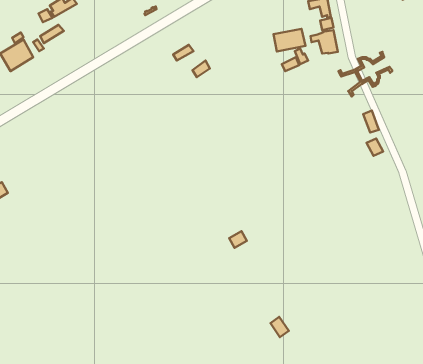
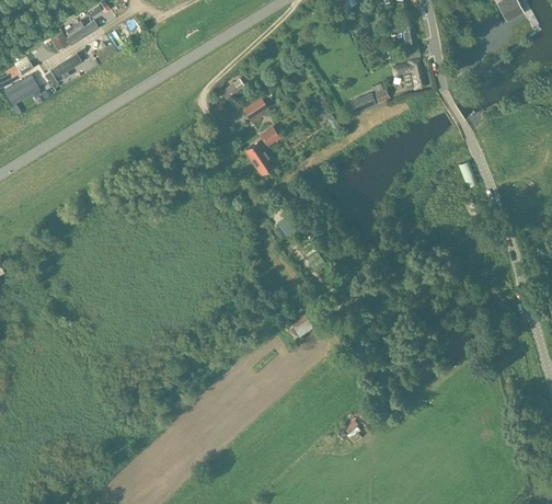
building: [274,29,306,52] -> none
building: none -> [244,126,278,173]

